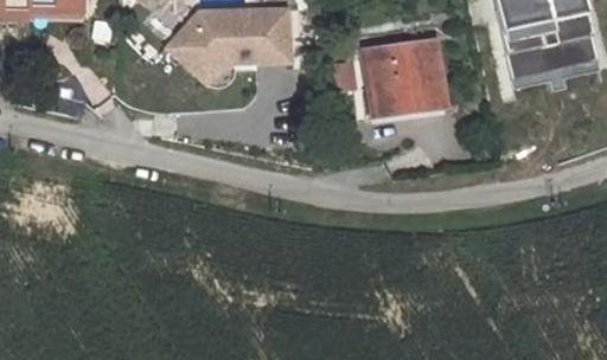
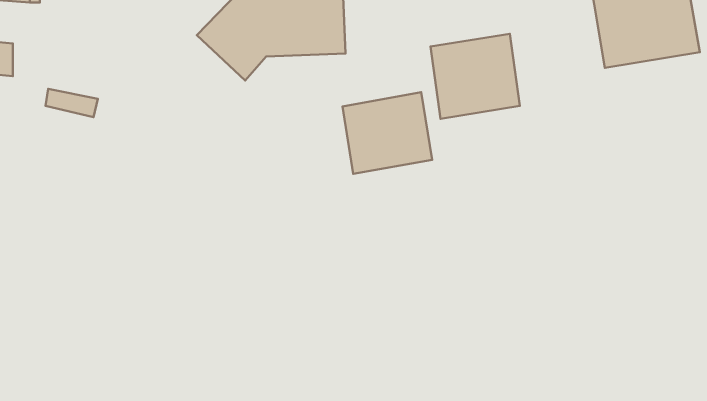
building: none -> [342,92,432,174]

